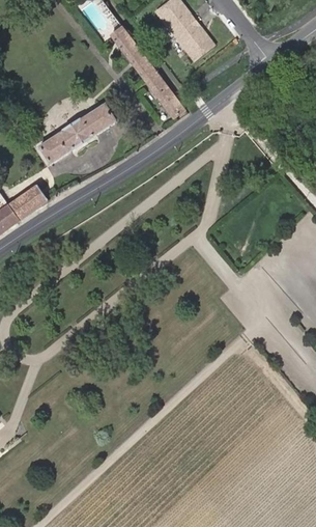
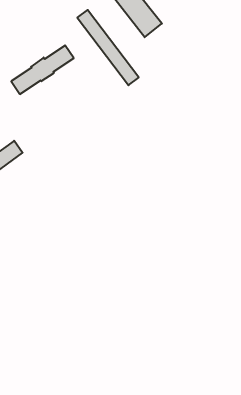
building: [39,104,115,163] -> [11,45,74,94]

